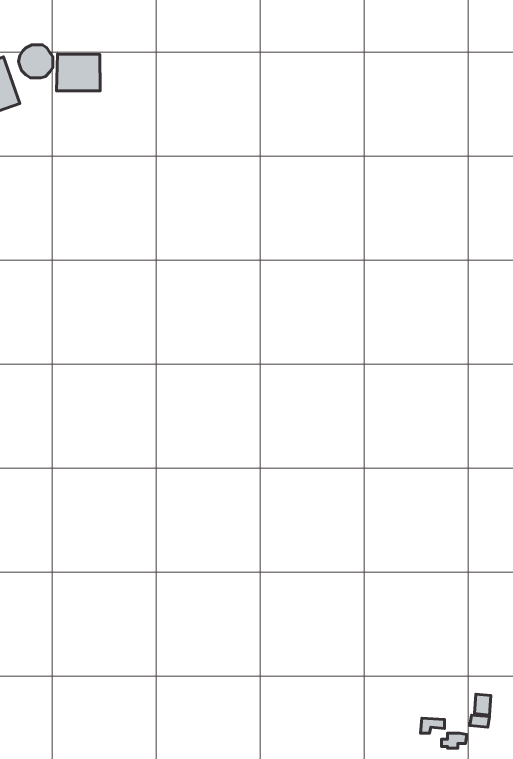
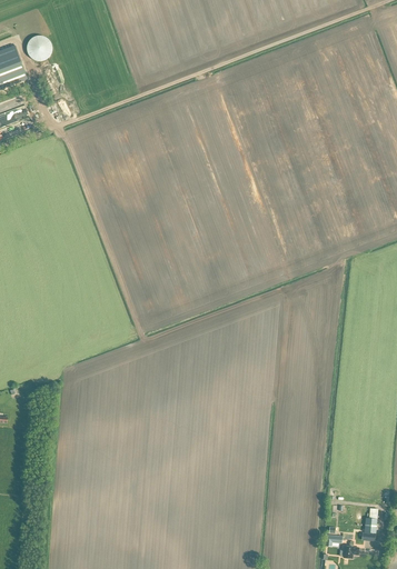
building: [57,54,100,91] -> none

